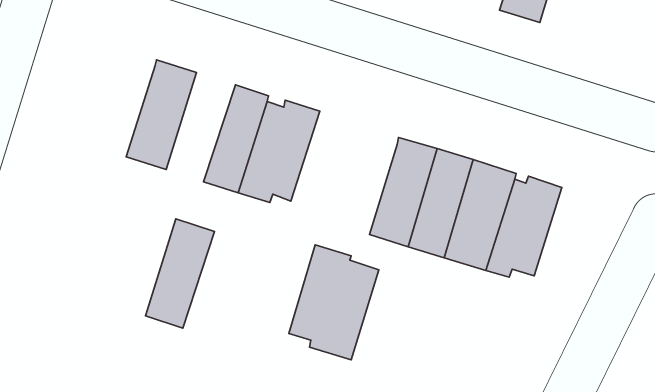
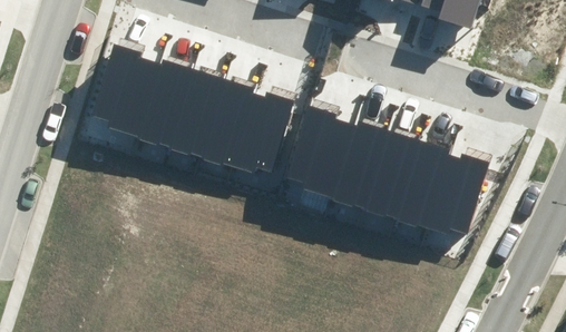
building: none -> [90,46,160,138]
building: [145,219,215,328] -> [169,70,225,158]
building: [289,245,379,360] -> [283,108,355,201]

